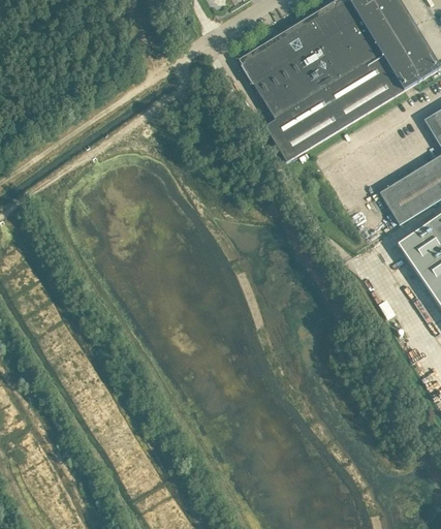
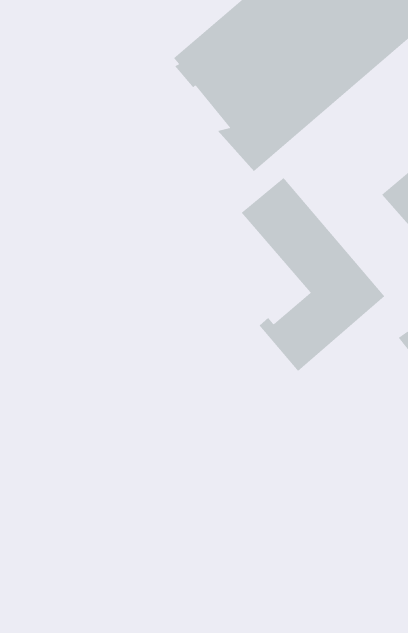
building: none -> [241,177,385,372]

